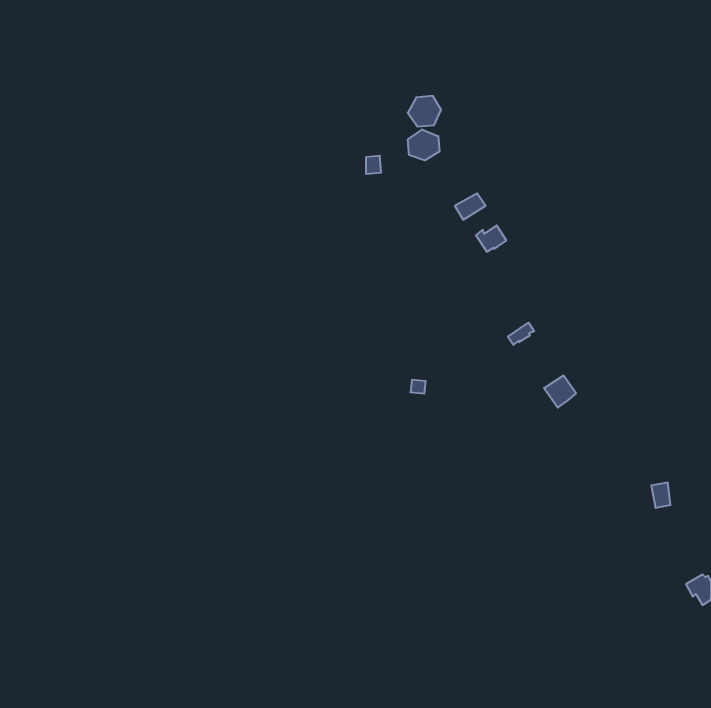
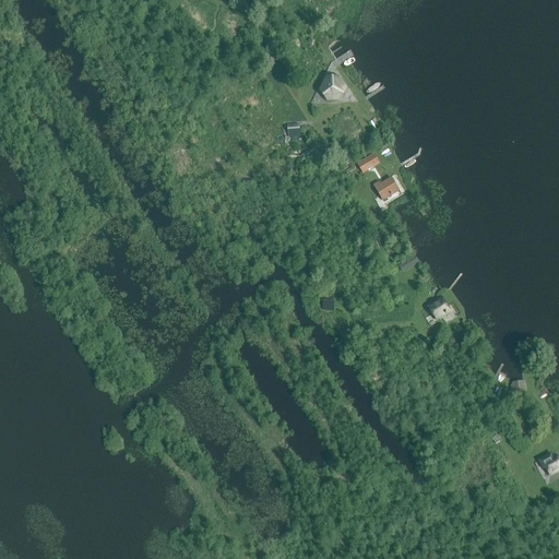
building: [408,129,439,160] -> none

